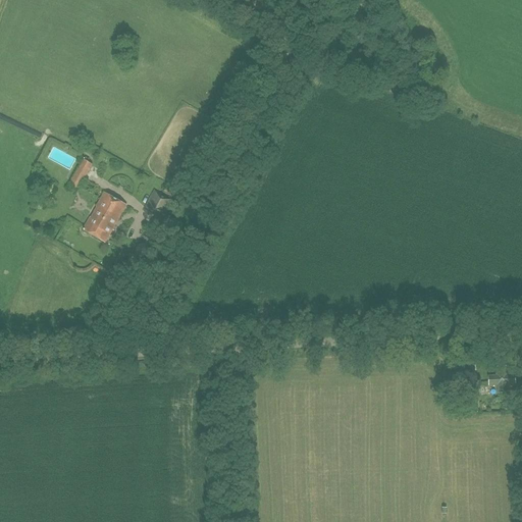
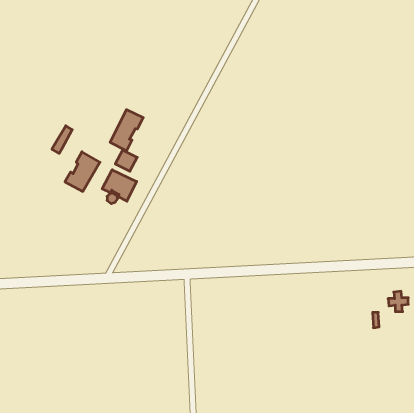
building: none -> [110,110,143,151]
building: none -> [102,170,137,201]

